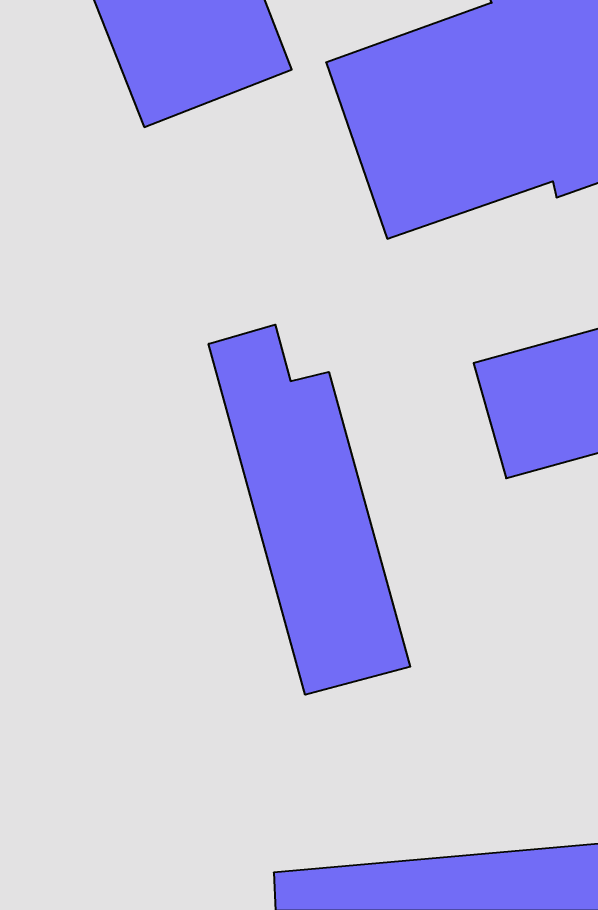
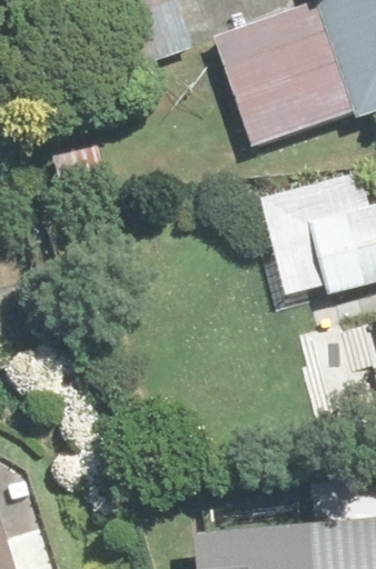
building: [209,325,410,695] -> none

